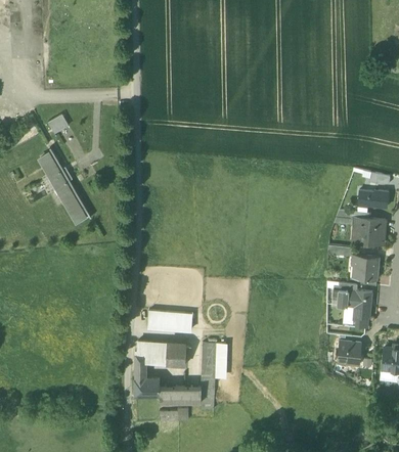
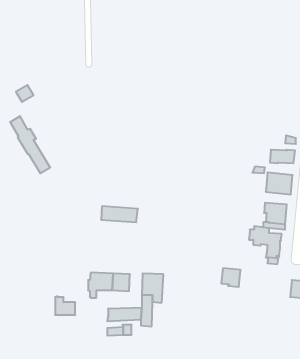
building: [148,311,193,330] -> [101,206,138,222]
building: [338,345,361,367] -> [221,268,241,287]
building: [136,371,161,394] -> [55,296,75,315]

